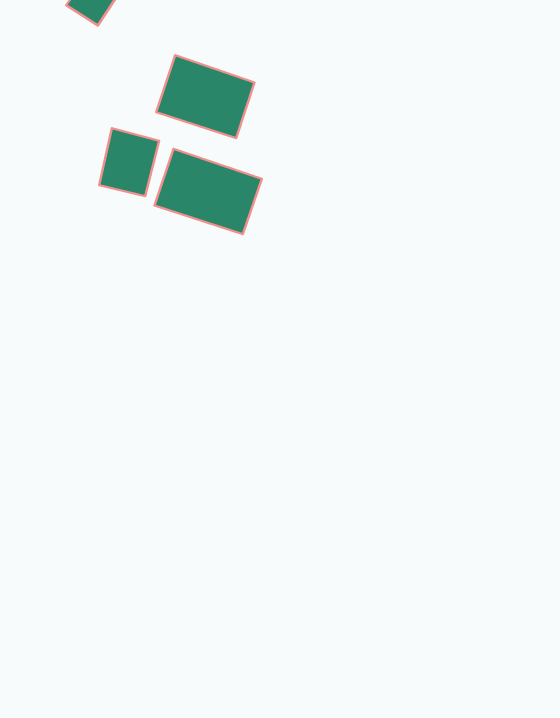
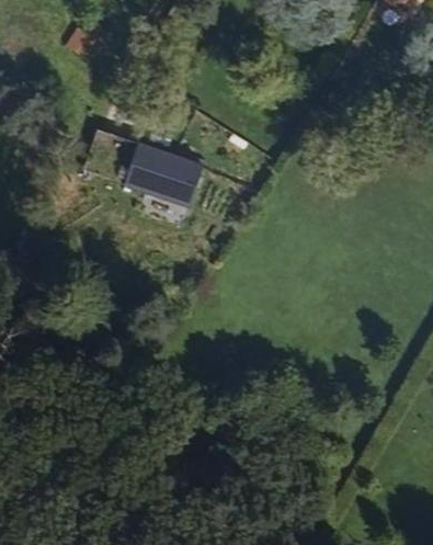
building: [156,55,254,138] -> none

